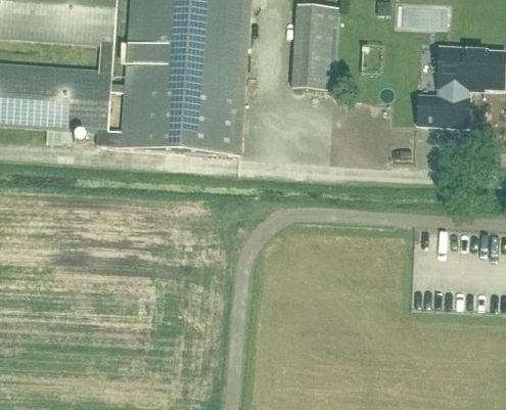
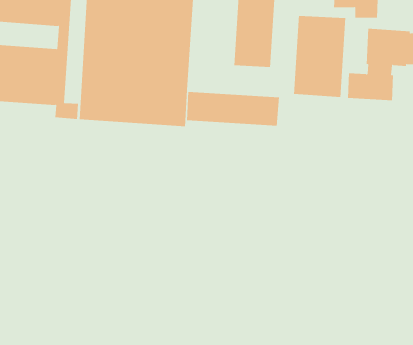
building: none -> [294,15,346,98]
building: none -> [186,91,280,126]

